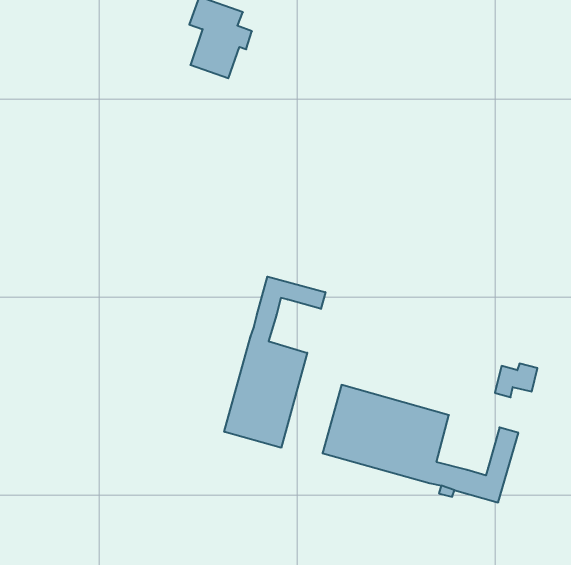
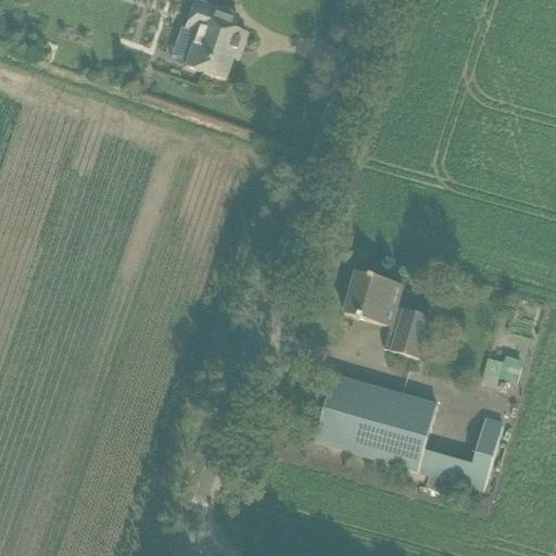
building: [224,277,325,448] -> none
building: none -> [343,269,429,356]

